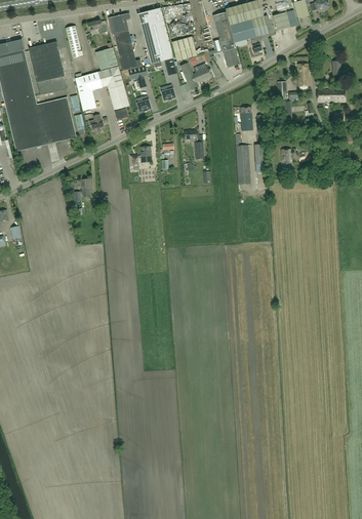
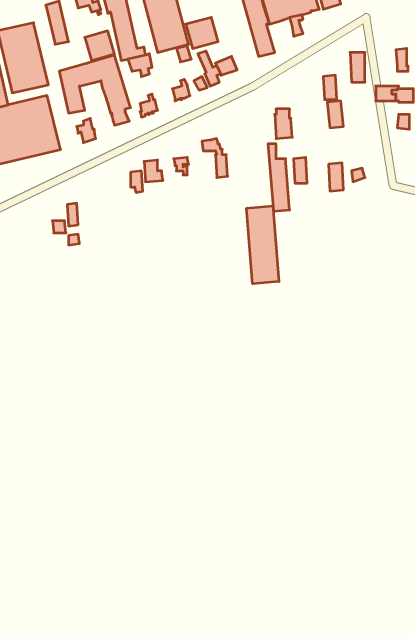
building: none -> [247,206,279,284]

